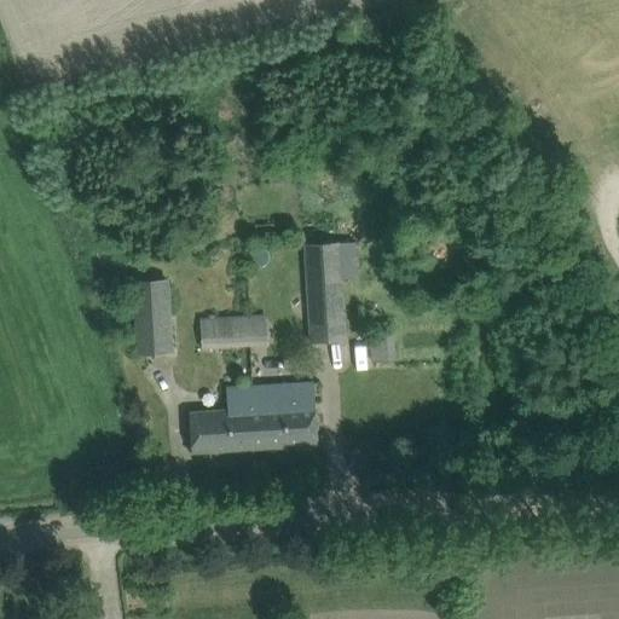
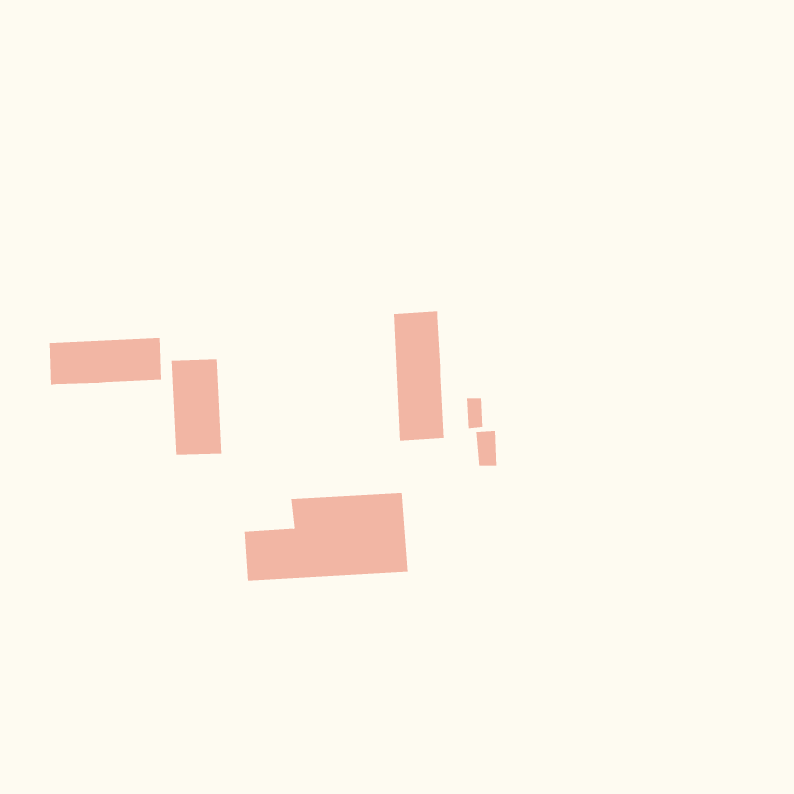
building: none -> [49,337,162,386]
building: [219,316,250,347] -> none

